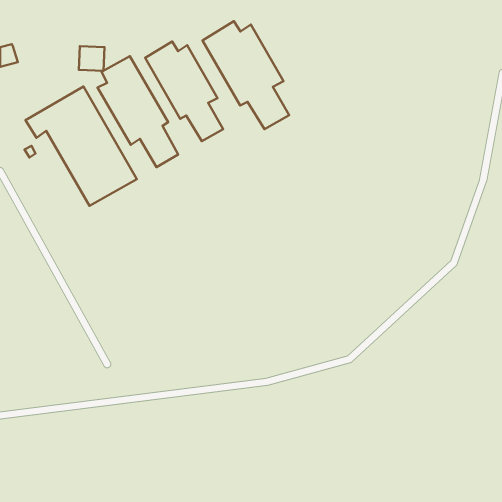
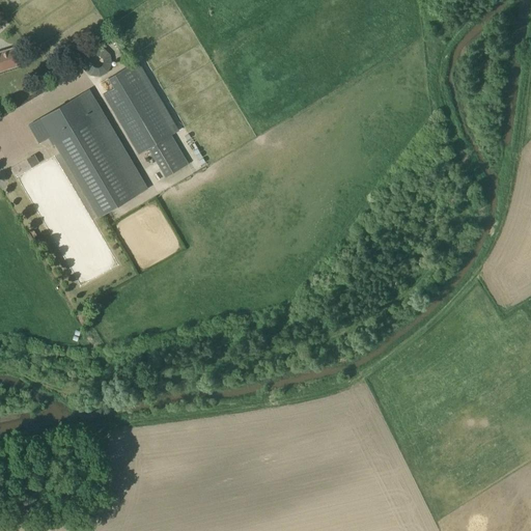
building: [202,21,289,129] -> none
building: [145,41,223,141] -> none

